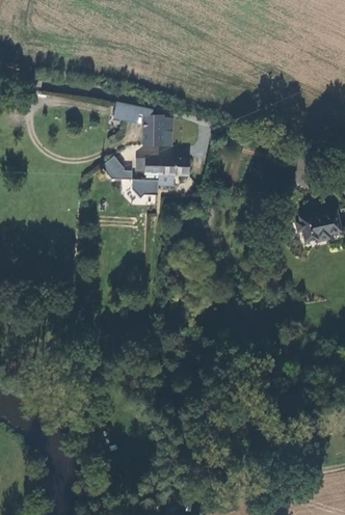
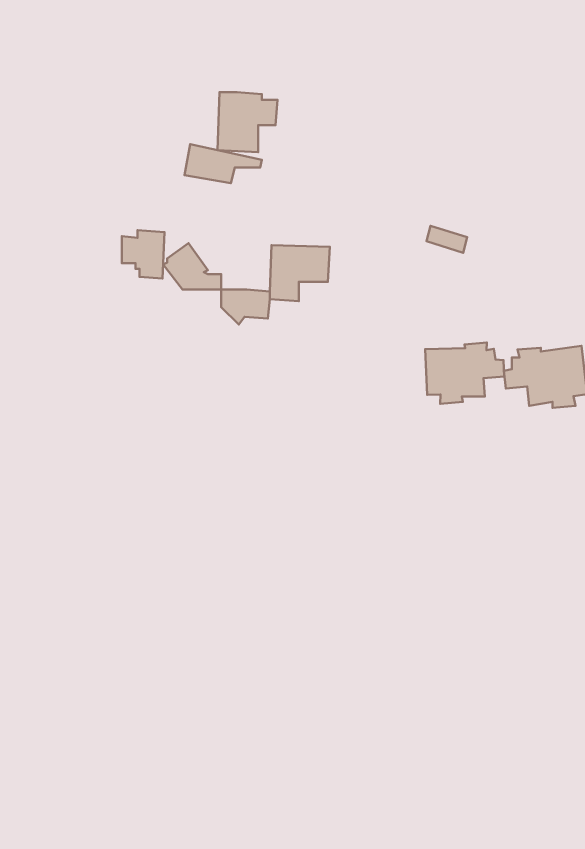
building: [143,114,176,146] -> [217,92,277,152]
building: [137,155,160,181] -> [122,230,165,279]
building: none -> [425,343,504,404]

